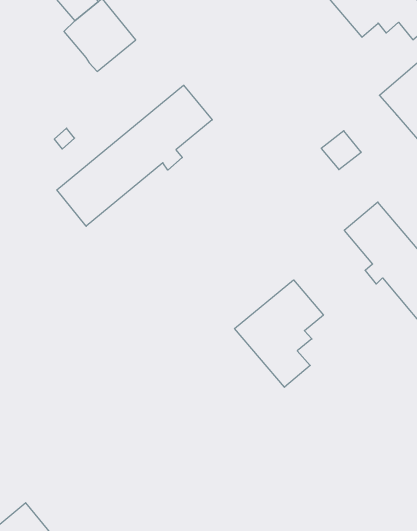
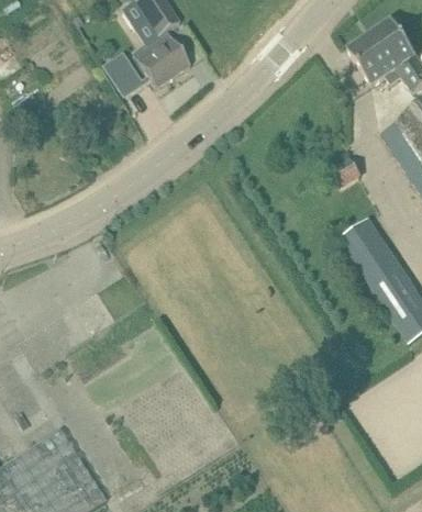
building: none -> [101,52,149,99]
building: [57,85,212,226] -> none
building: [235,280,323,387] -> none

